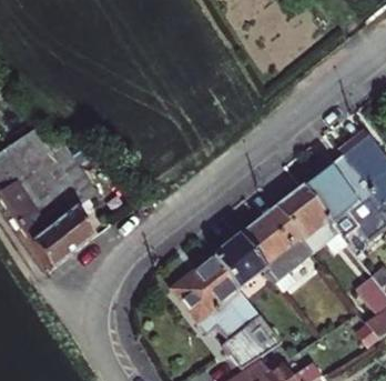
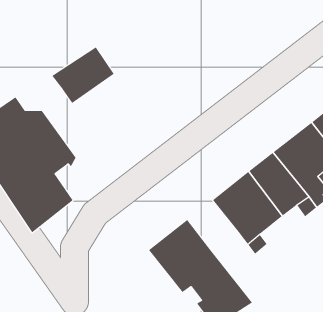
building: none -> [52,47,115,104]
building: [212,237,264,290] -> none

